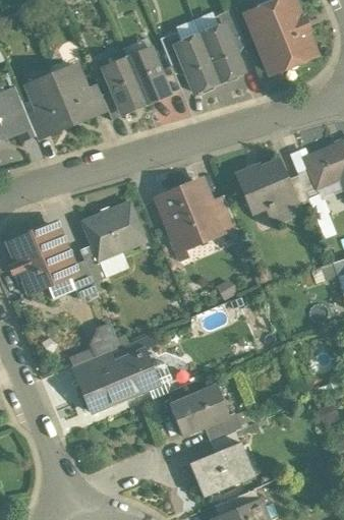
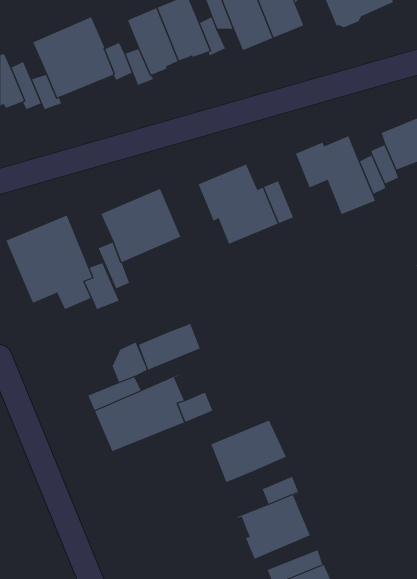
building: none -> [138,323,200,370]
building: [204,411,240,440] -> none

